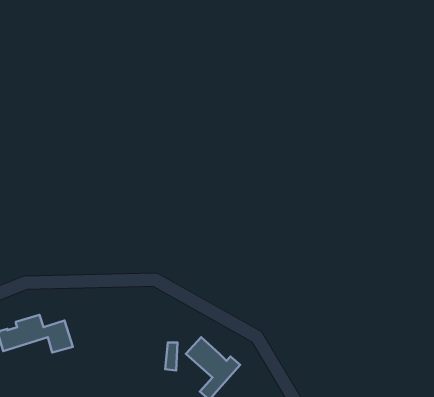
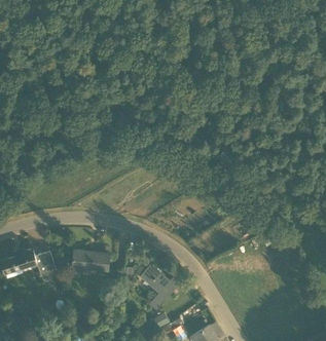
building: none -> [71,250,109,270]

